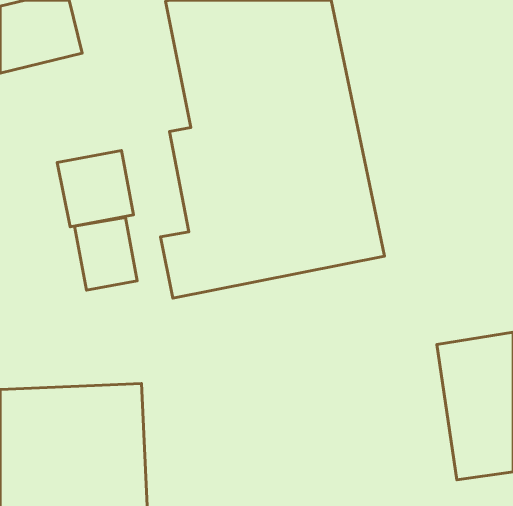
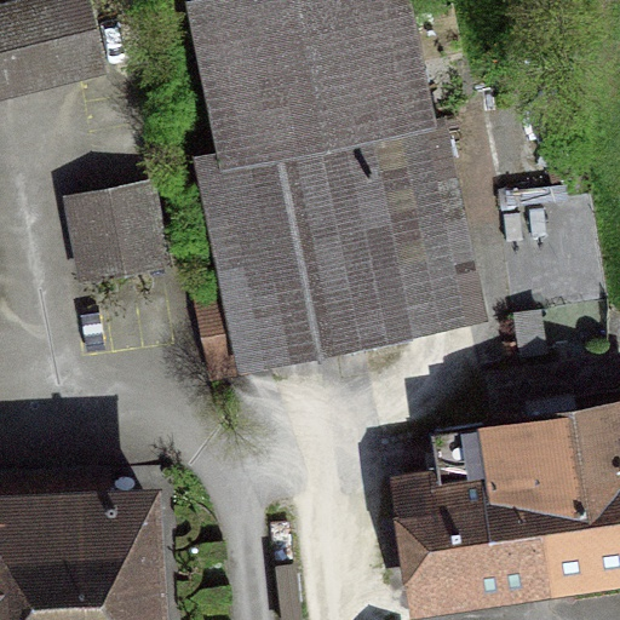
building: [74,218,137,290] -> none
building: none -> [401,424,551,608]

